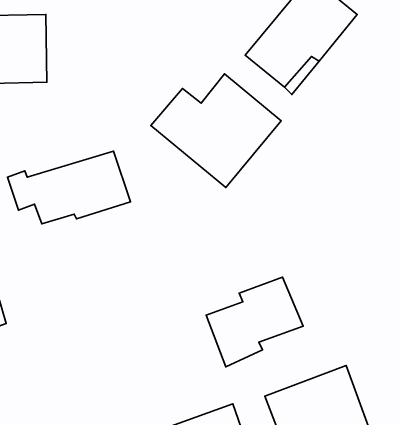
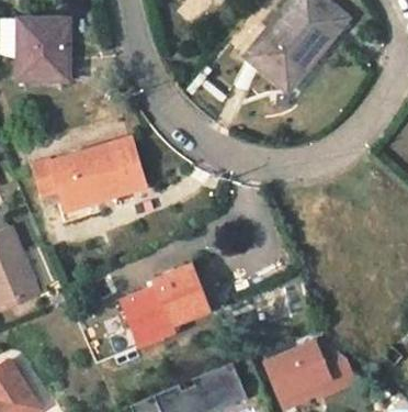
building: [151,74,281,188] -> none
building: [206,277,303,367] -> [117,267,204,347]

